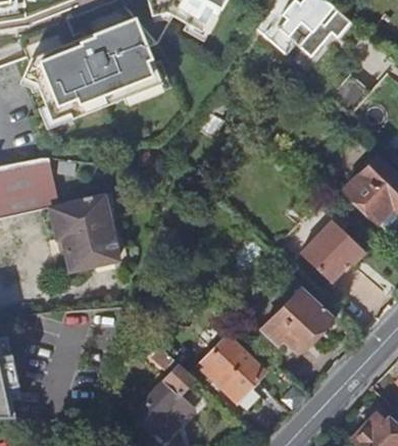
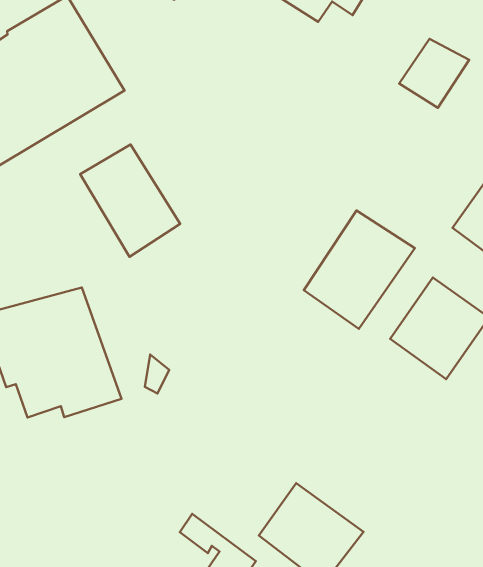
building: none -> [80,145,180,257]
building: none -> [304,210,415,329]
building: [261,291,330,352] -> none

